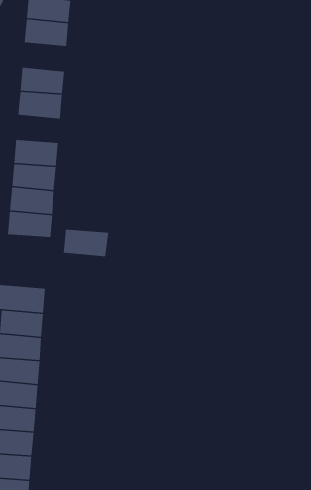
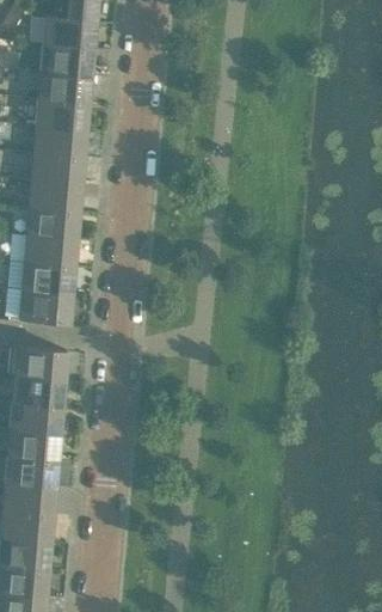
building: none -> [37,71,88,103]
building: none -> [30,153,81,184]
building: [63,229,109,257] -> [18,289,70,322]

